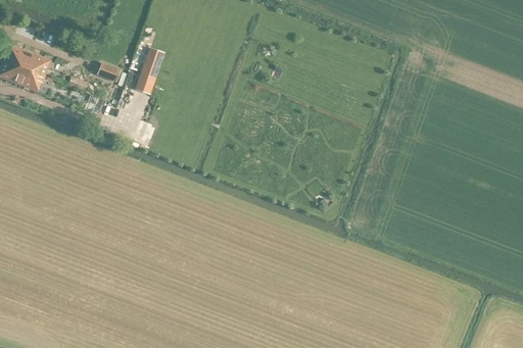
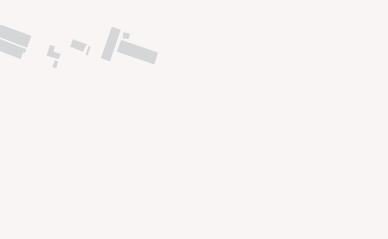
building: none -> [116,39,159,65]

